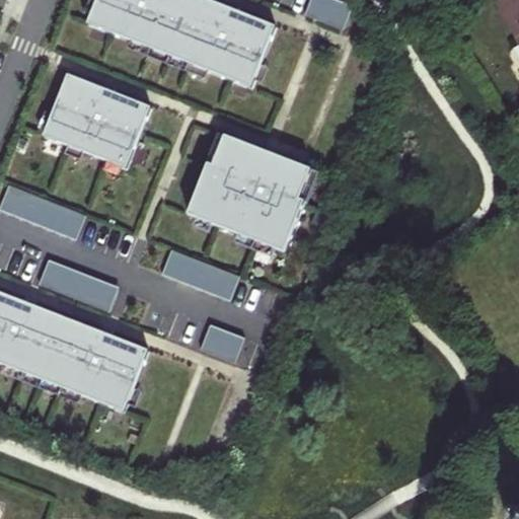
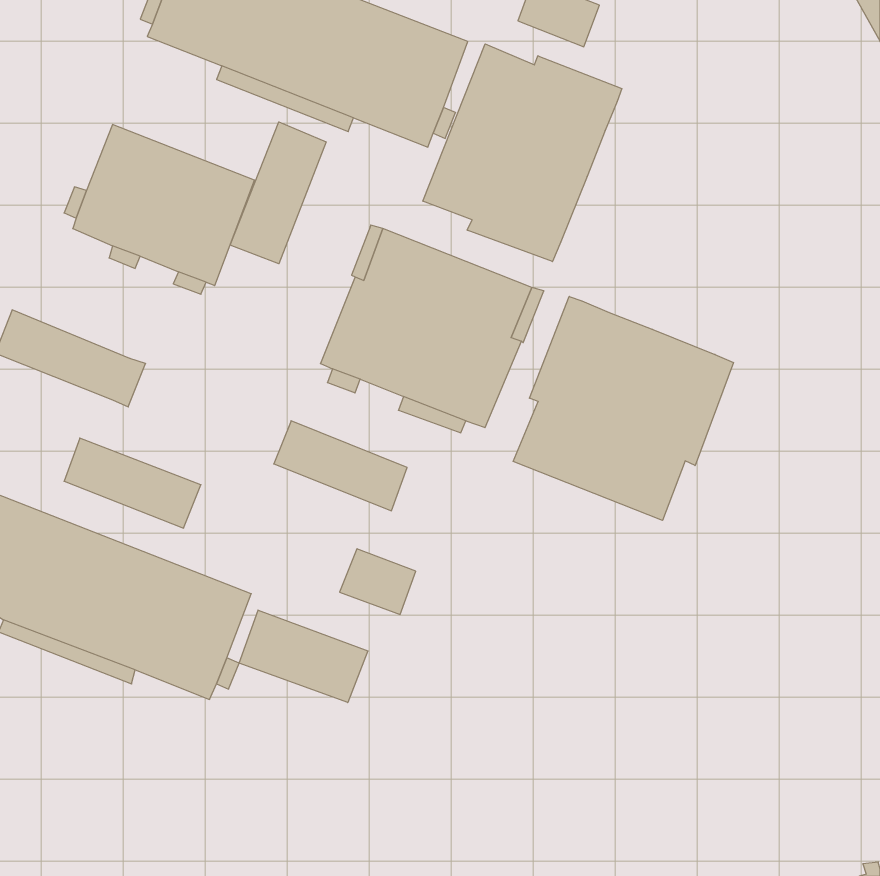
building: none -> [423,44,622,262]
building: none -> [230,122,326,264]
building: none -> [513,296,734,520]
building: none -> [239,610,368,703]

